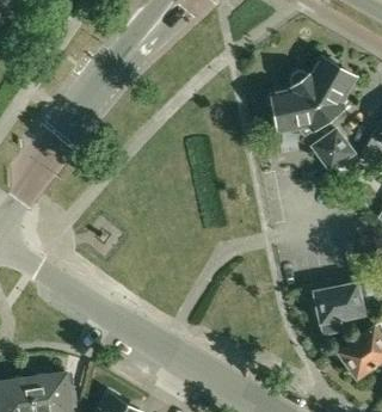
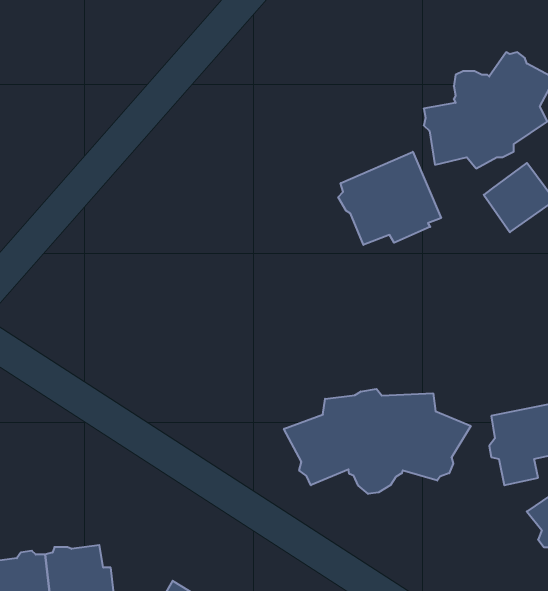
building: none -> [338,152,441,245]
building: none -> [284,389,471,494]

